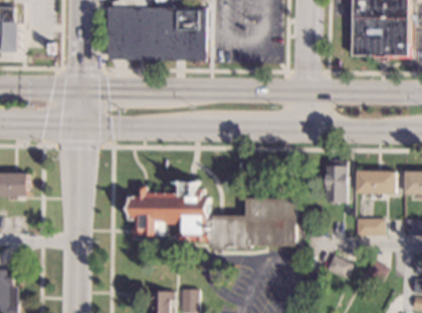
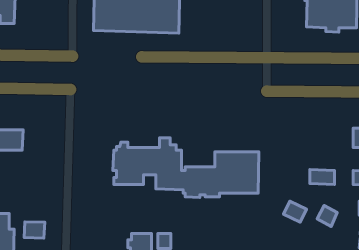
building: [326,160,347,201] -> none
building: [357,171,396,193] -> none
building: none -> [24,222,45,238]

